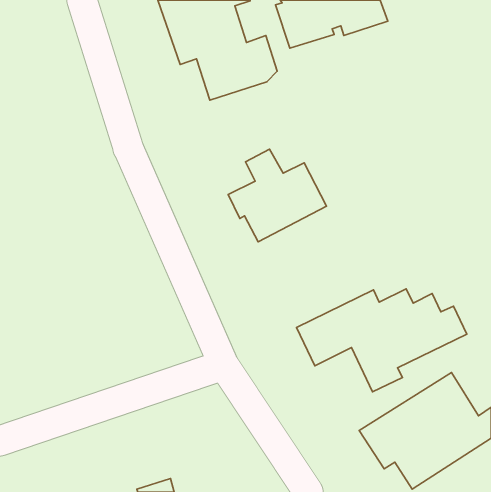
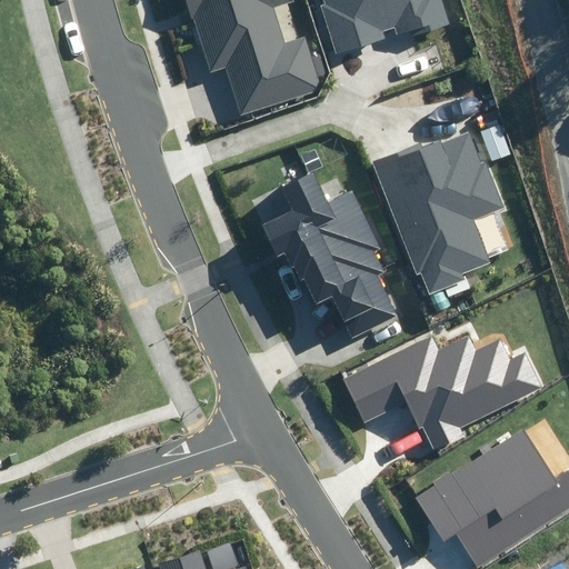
building: none -> [370,129,502,293]
building: none -> [298,238,397,337]

